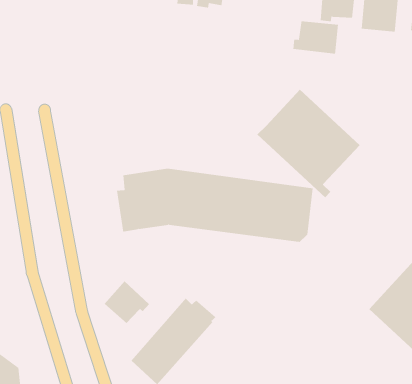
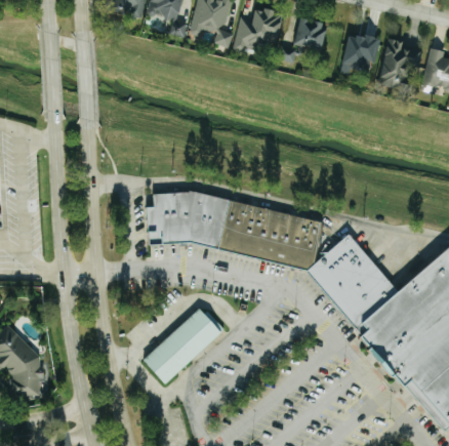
building: [293,21,339,55] -> none
building: [257,89,361,198] -> [302,233,395,333]
building: [104,280,150,324] -> none

